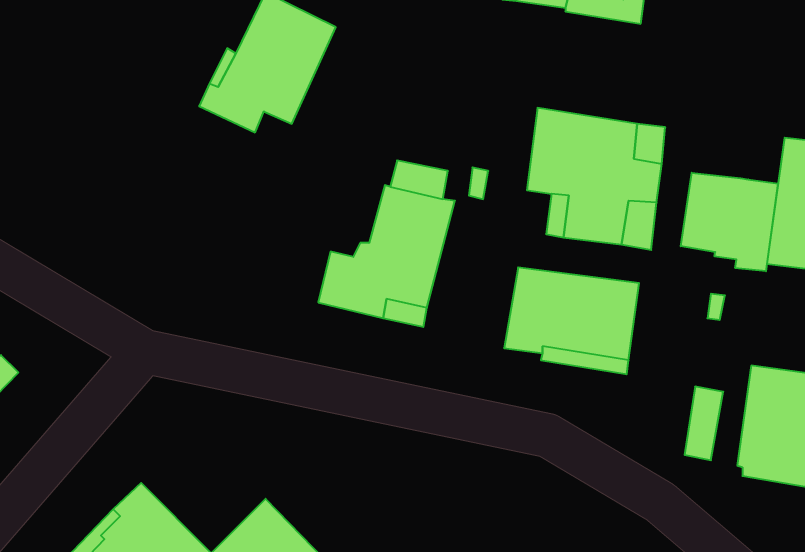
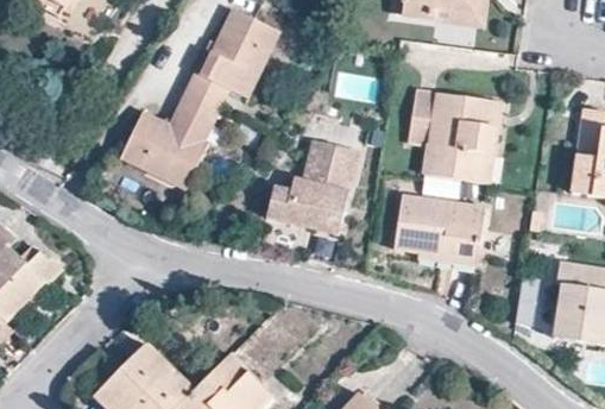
building: none -> [120,86,223,189]
building: [681,173,778,271] -> none

